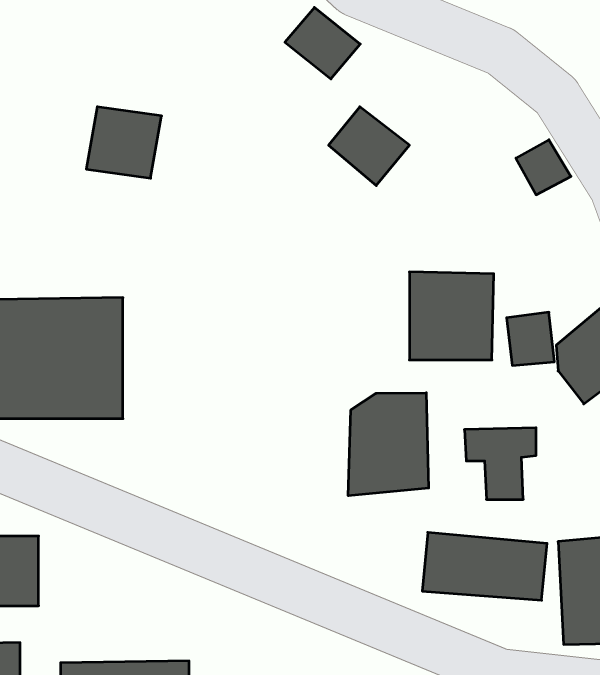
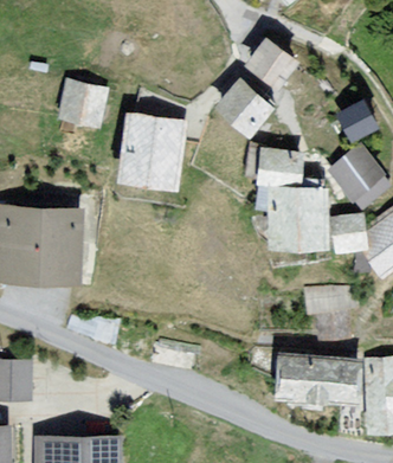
building: [285,7,360,79] -> [245,41,294,88]
building: none -> [120,118,180,185]
building: none -> [258,148,299,182]
building: none -> [330,148,379,197]
building: [348,393,429,496] -> none

